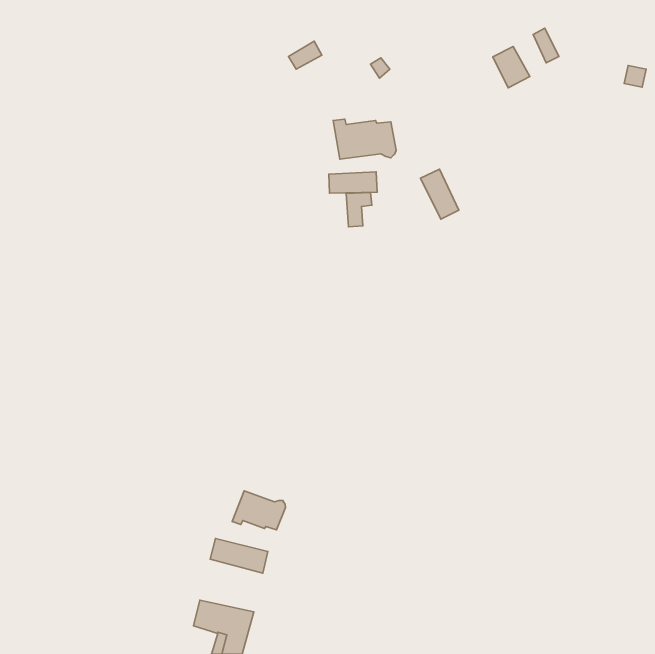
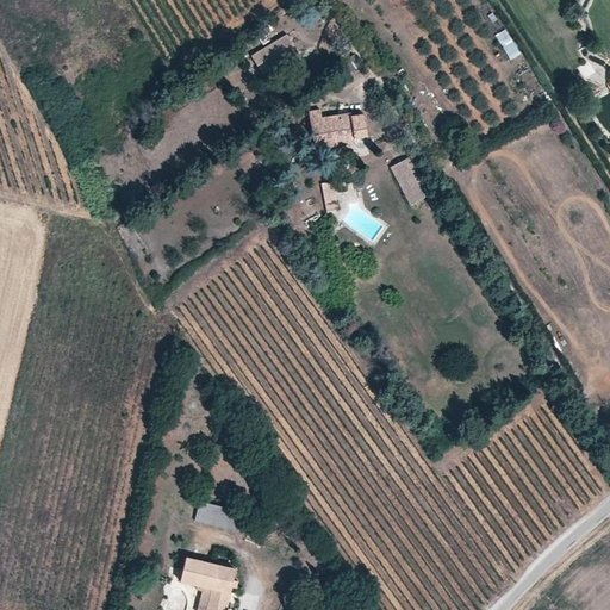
building: [493,47,530,88] -> none
building: [329,172,377,193] -> none
building: [232,491,285,530] -> none

